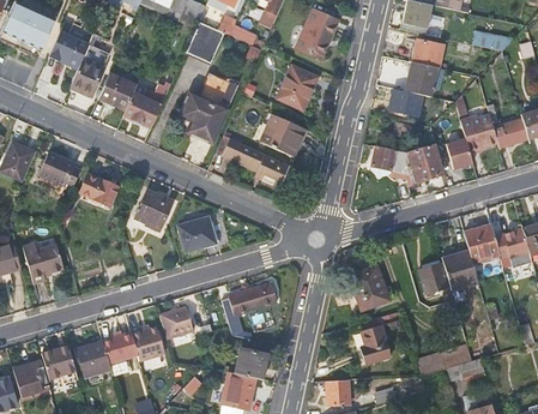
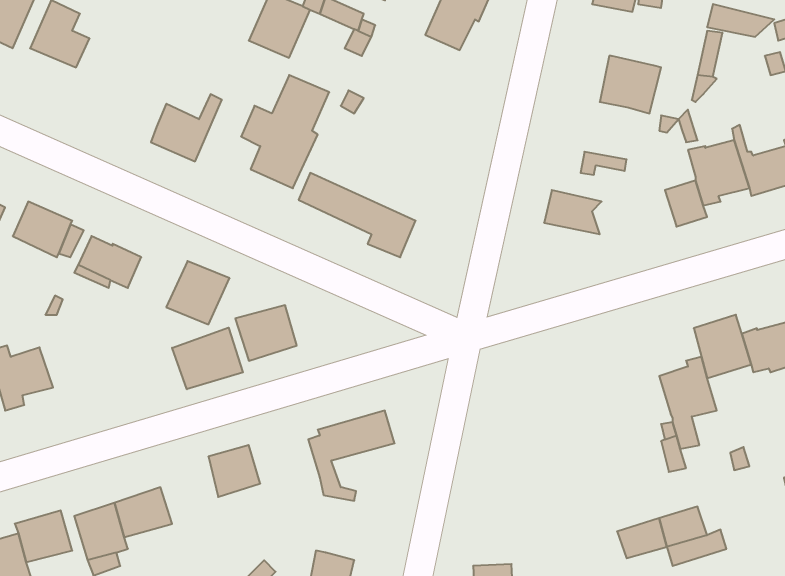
building: [412,38,445,67] -> none
building: [69,48,108,97] -> none
building: [277,65,319,108] -> none
building: [98,72,137,106] -> none
building: [388,88,423,116] -> none
building: [260,114,306,156] -> none
building: [405,126,445,187] -> none
building: none -> [172,328,243,389]
building: [418,262,449,293] -> none
building: [346,265,389,311] -> none
building: [359,325,391,364] -> none
building: [131,326,164,362] -> none
building: [234,347,266,378] -> none

